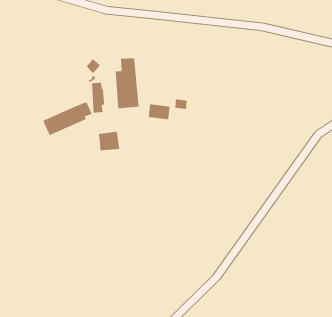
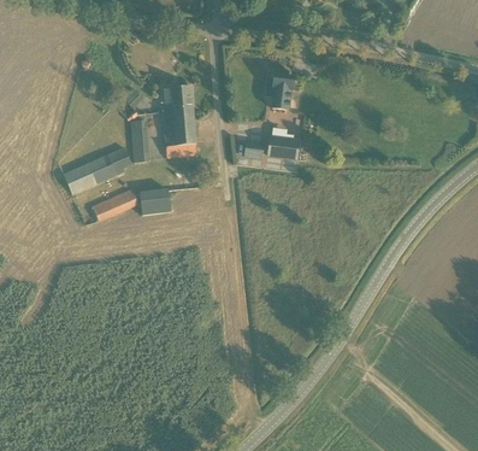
building: none -> [271,70,294,110]
building: [148,103,171,120] -> [267,136,299,159]
building: none -> [92,188,138,221]

